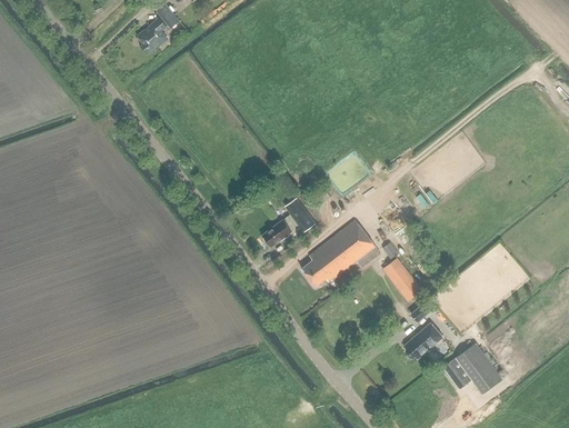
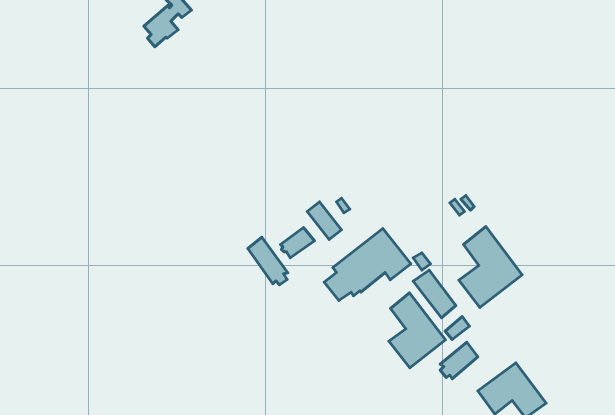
building: none -> [459,226,522,307]
building: none -> [248,237,288,285]
building: none -> [389,293,446,368]

